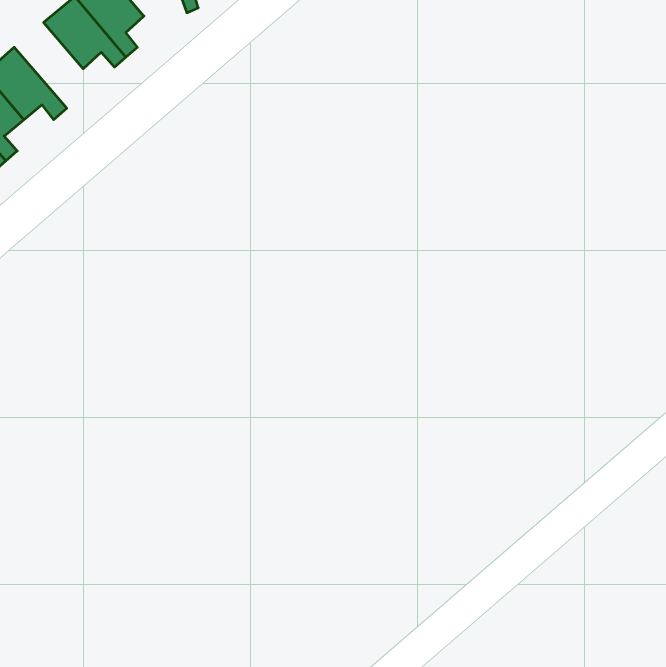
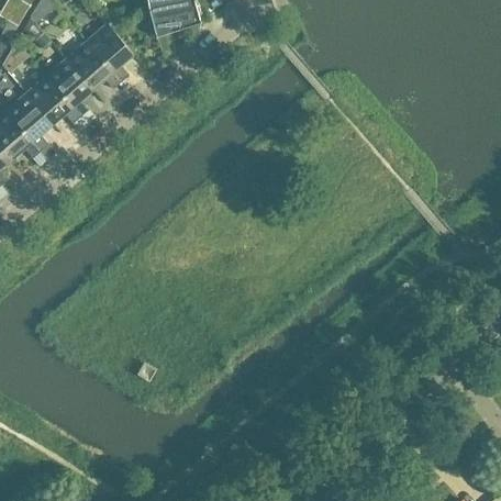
building: none -> [46,58,92,115]

